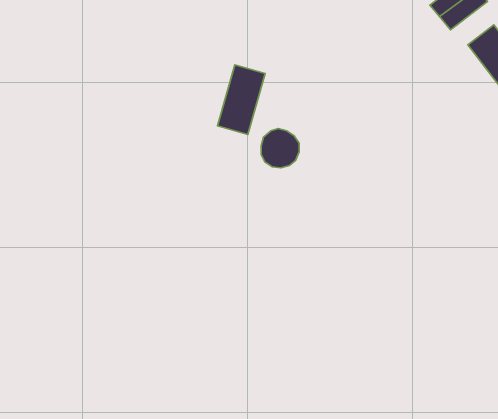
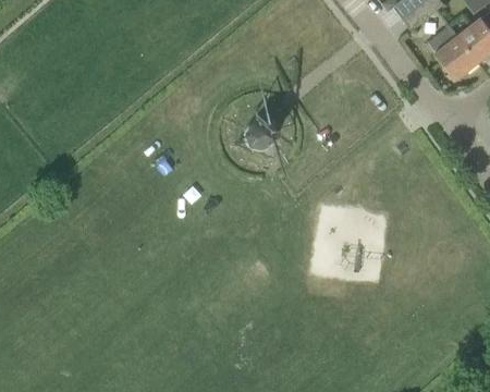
building: [217,65,265,134] -> none

